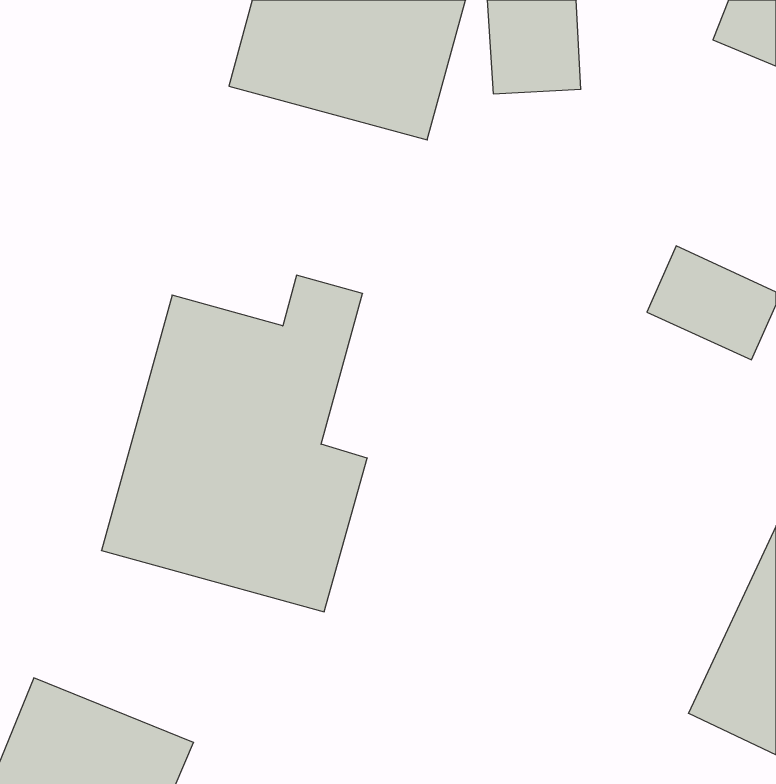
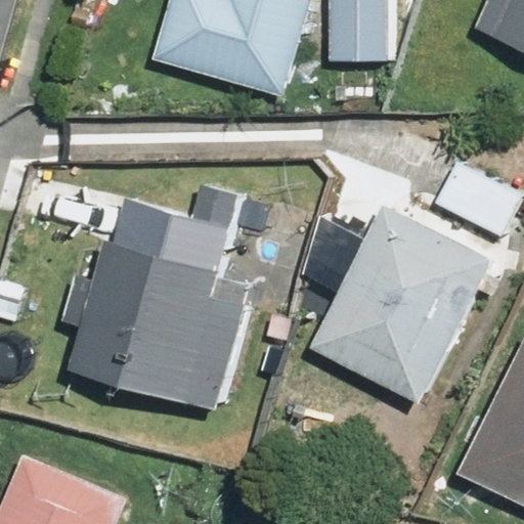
building: none -> [310,202,495,404]

